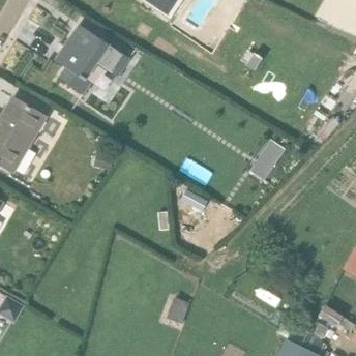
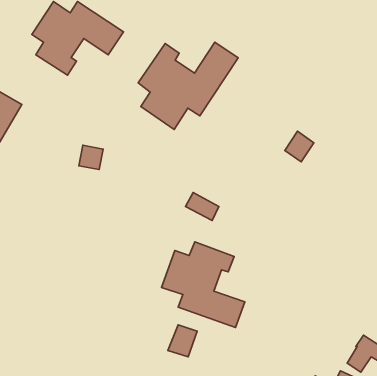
building: none -> [138,42,238,130]
building: none -> [162,242,245,327]

